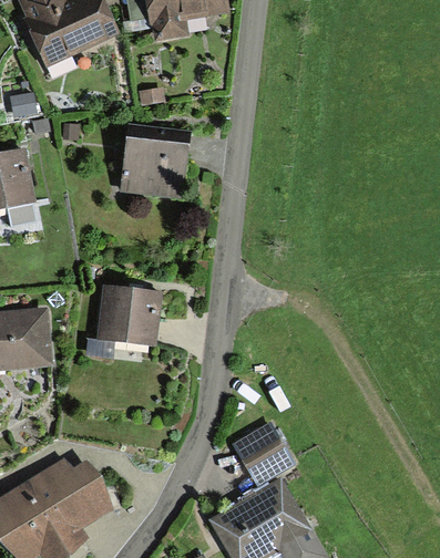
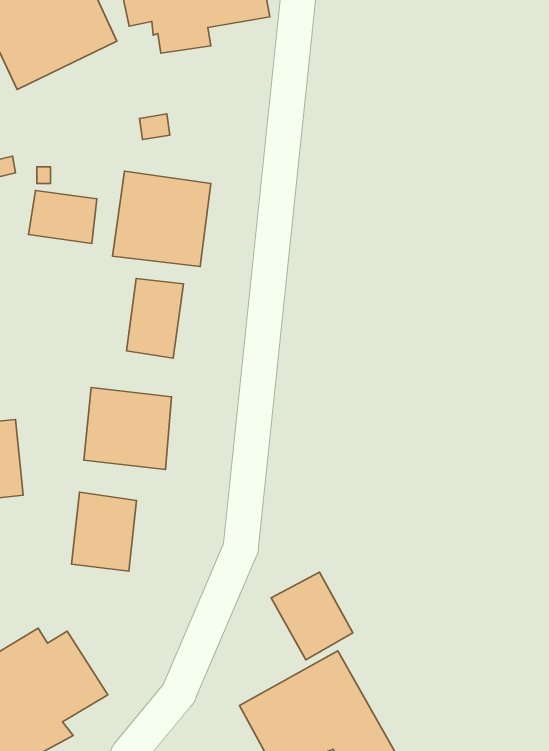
building: none -> [28,191,97,243]
building: none -> [126,279,183,358]
building: none -> [72,492,137,571]

